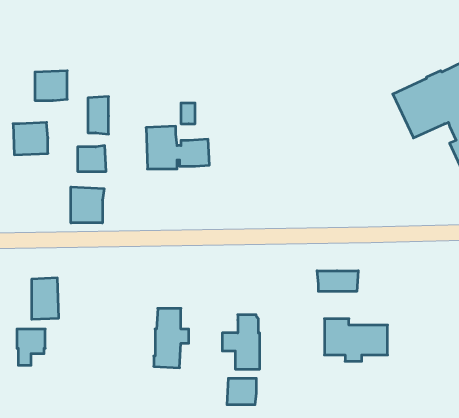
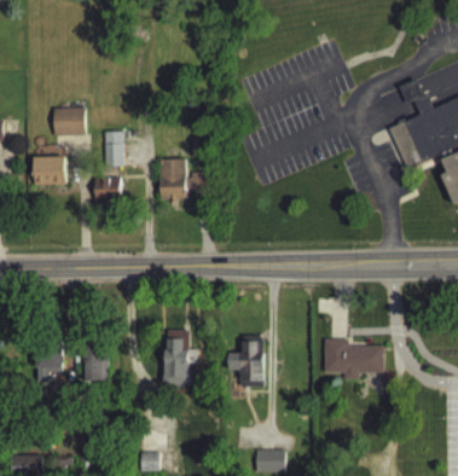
building: [71,187,104,223] -> none
building: [317,271,358,291] -> none
building: [32,278,59,319] -> [83,342,109,381]
building: [227,378,256,405] -> none

